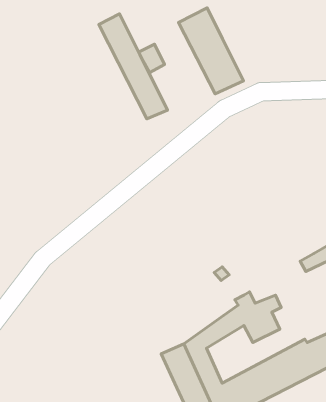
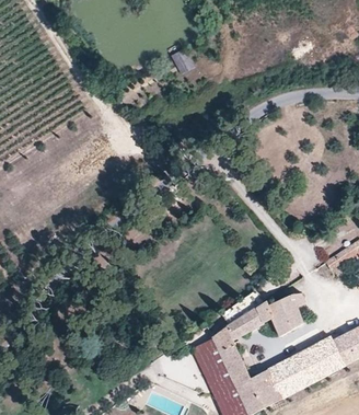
building: [179,8,243,94] -> none
building: [99,14,168,119] -> none

